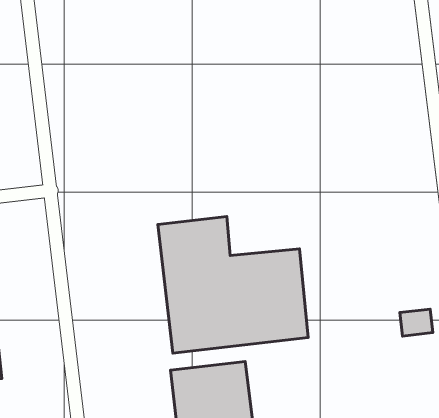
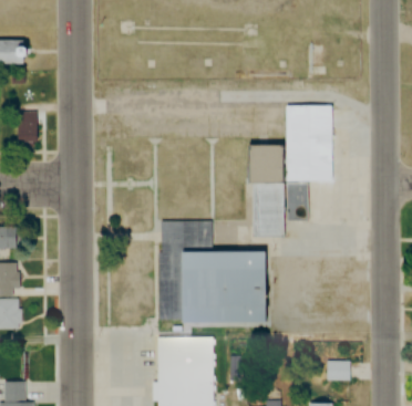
building: none -> [244,106,329,236]
building: [400,309,433,336] -> [326,361,350,379]

